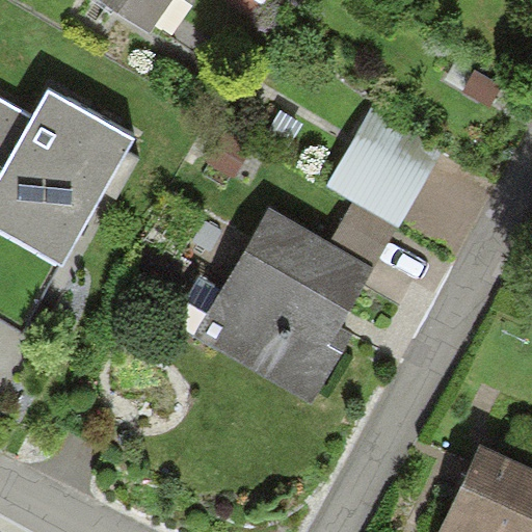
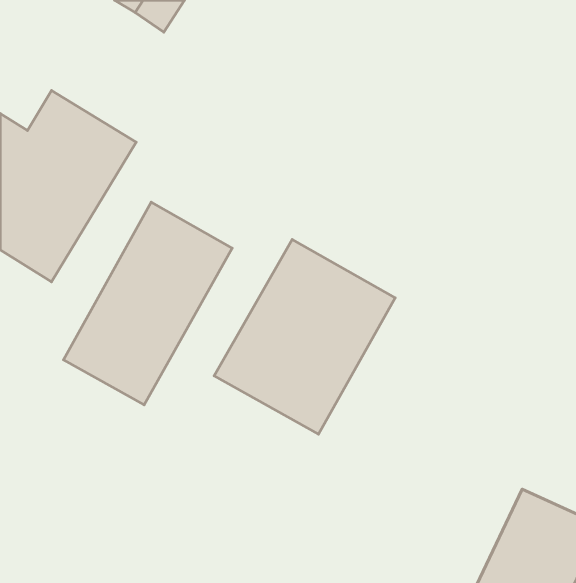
building: [326,116,430,220] -> none
building: none -> [63,202,232,405]

